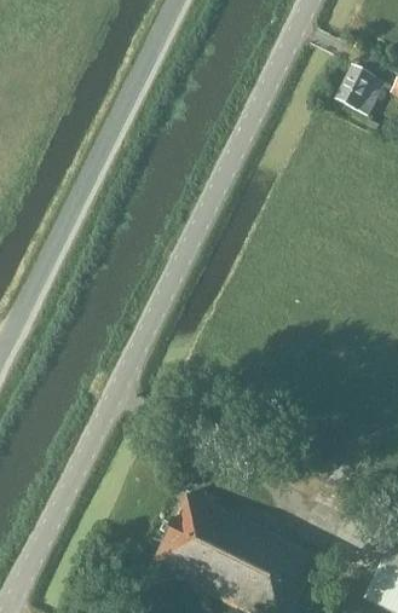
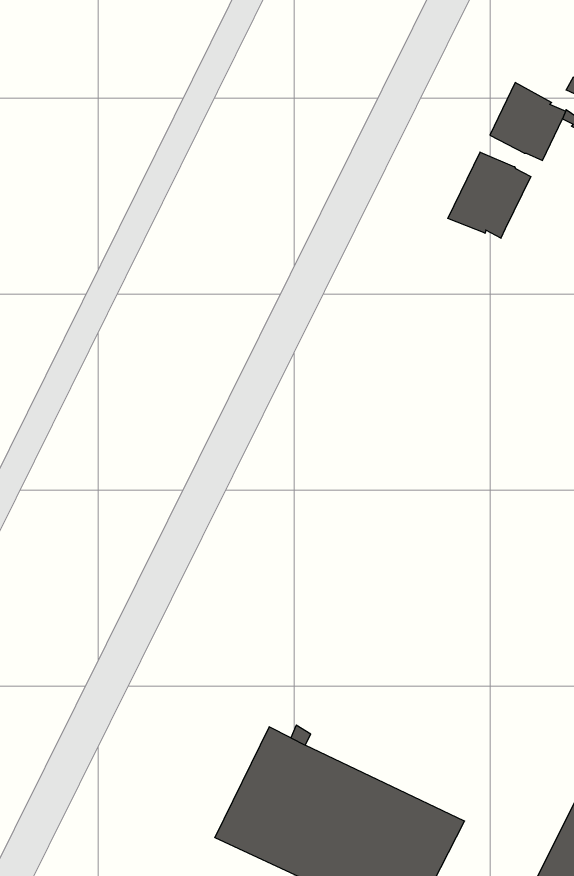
building: none -> [448,152,531,238]

